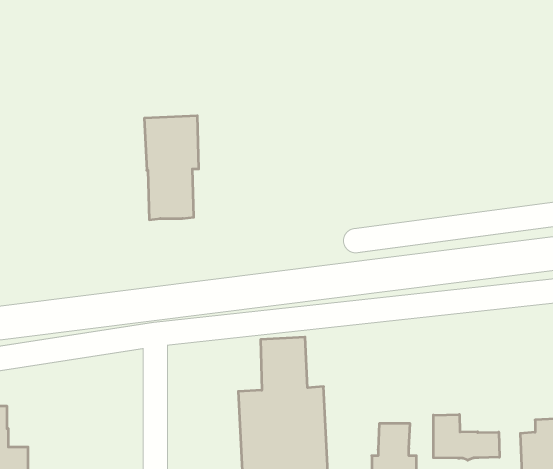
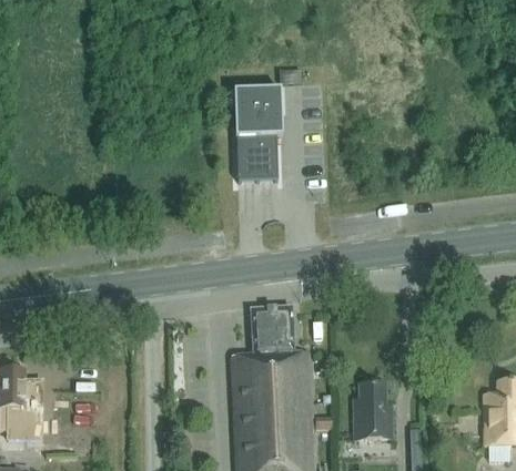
building: [144,116,199,220] -> [234,86,283,180]
building: [433,414,499,460] -> none

